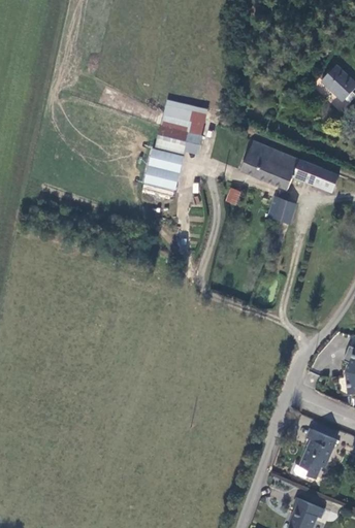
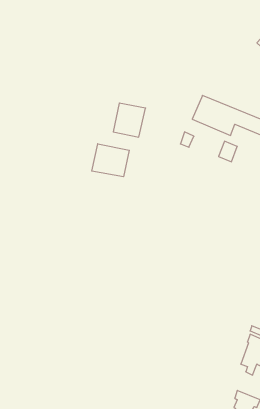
building: [155,101,204,155] -> none
building: none -> [92,144,129,177]

